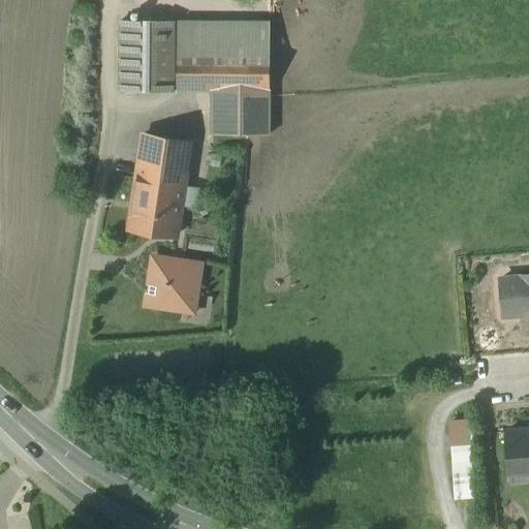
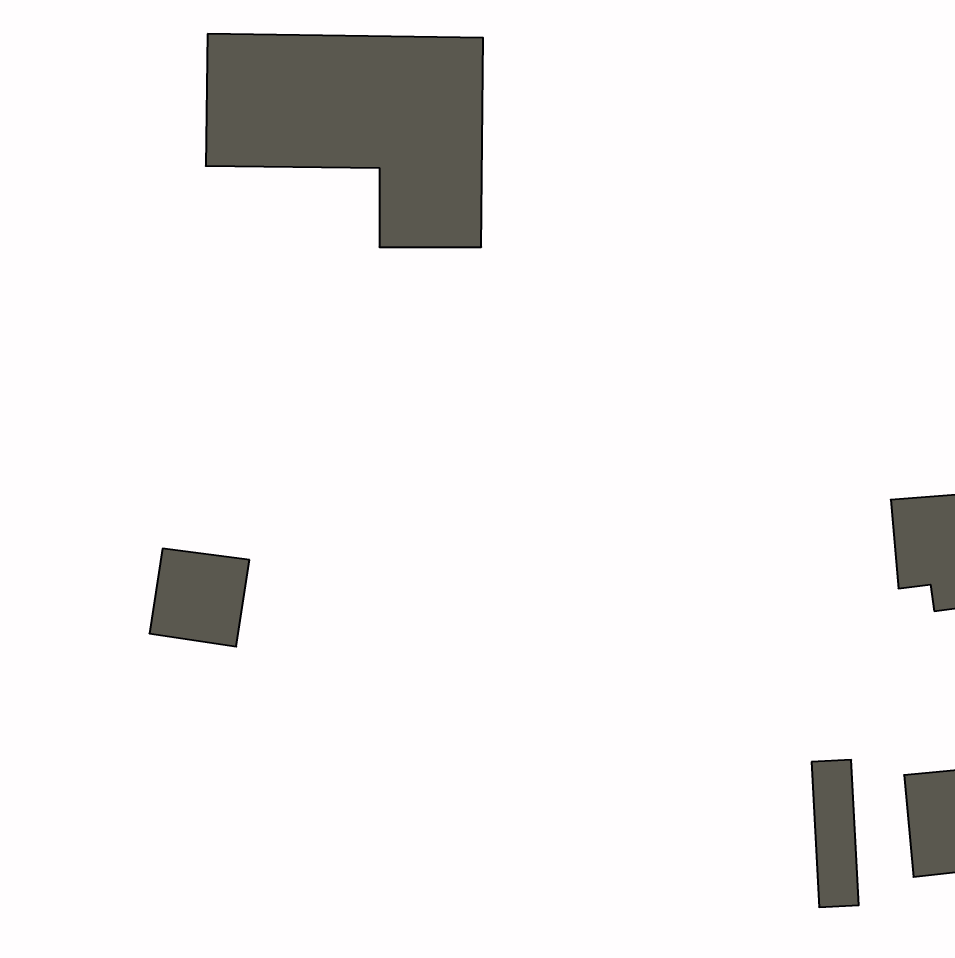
building: [128,133,194,238] -> none
building: [151,255,206,309] -> [149,549,249,647]

